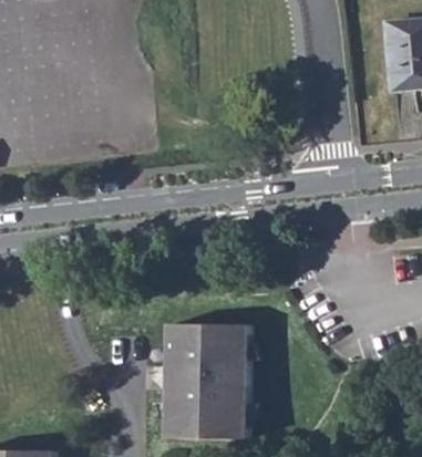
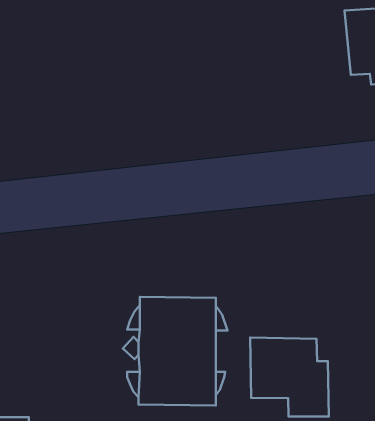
building: none -> [250,338,329,417]

